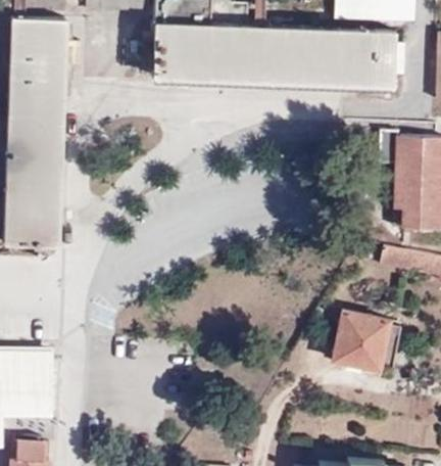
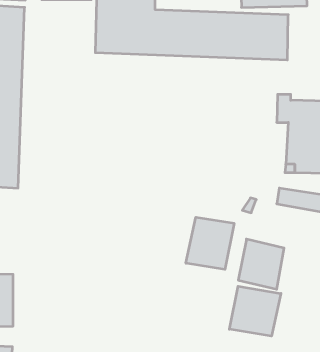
building: none -> [186,217,234,269]
building: none -> [229,286,281,336]

